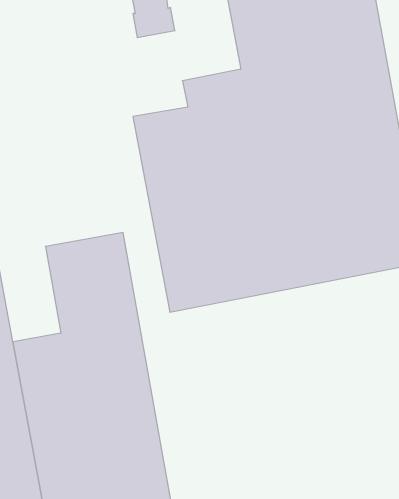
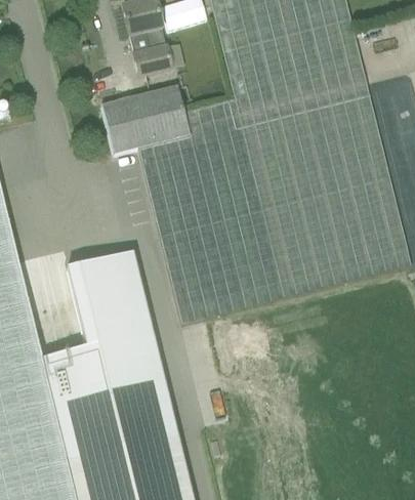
building: none -> [98,84,186,154]

